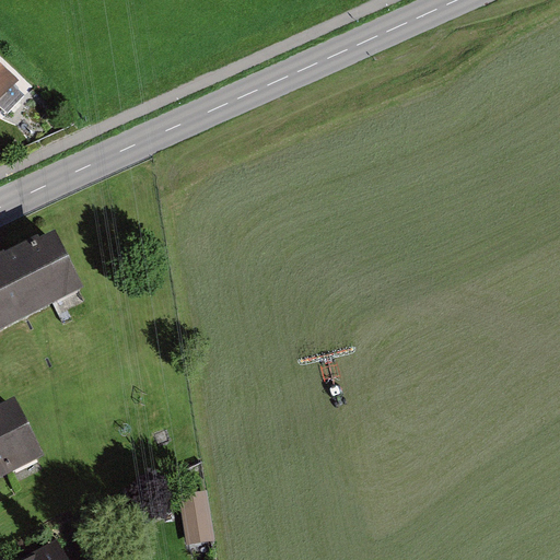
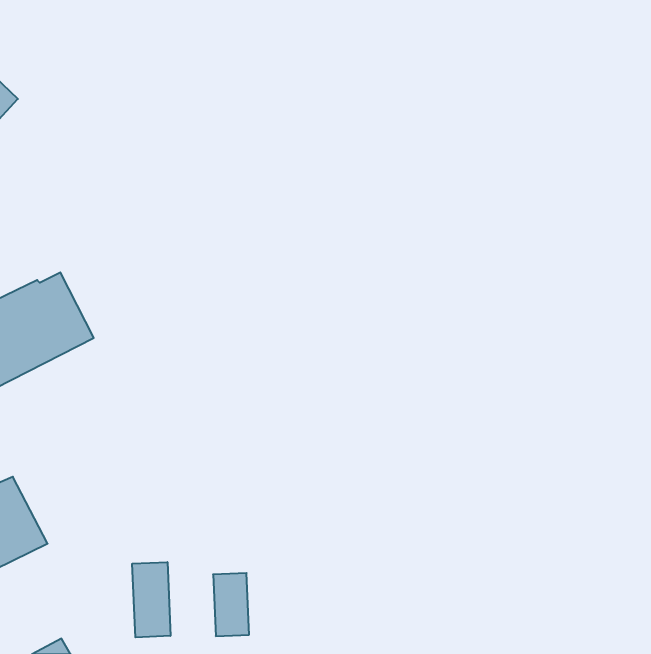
building: none -> [132,562,170,637]

